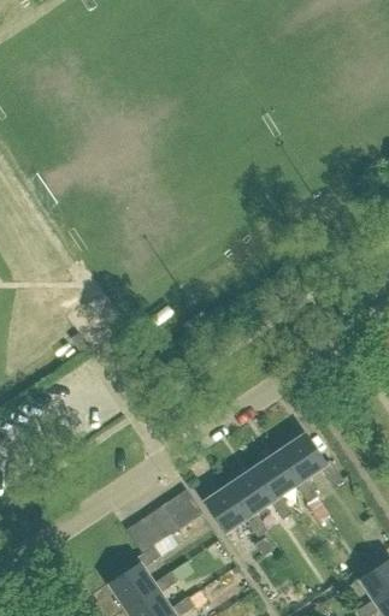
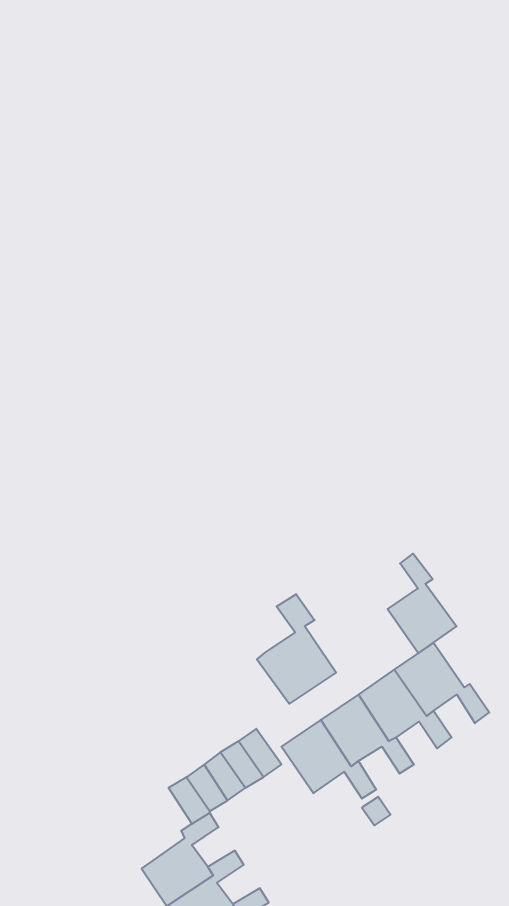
building: none -> [388,554,457,653]
building: none -> [257,594,336,704]

